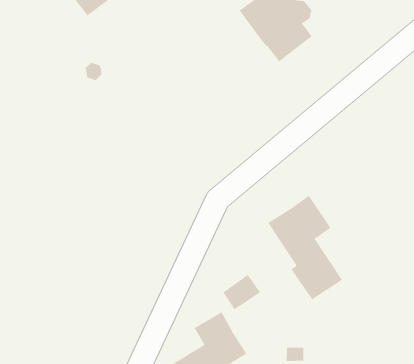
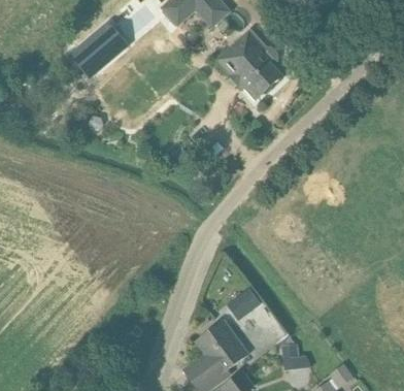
building: [268,195,343,300] -> none

